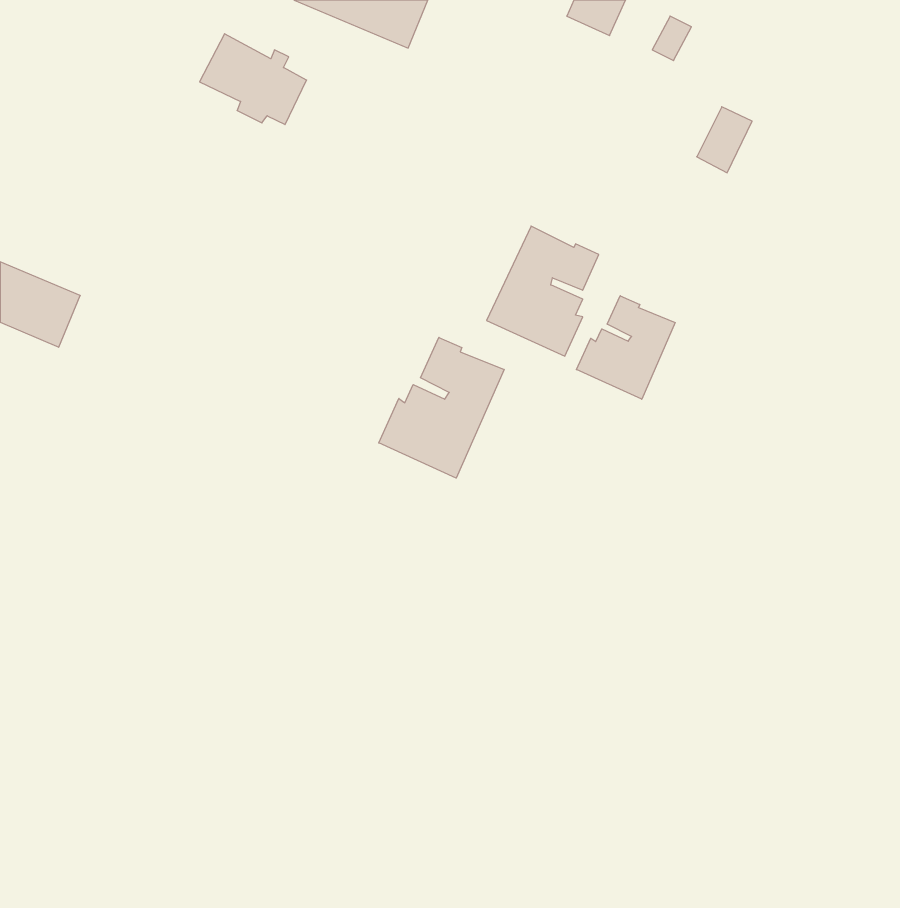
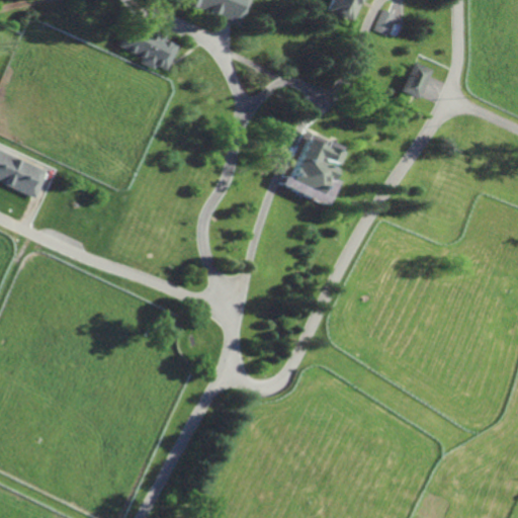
building: [576,296,675,399] -> none
building: [379,337,504,478] -> none

